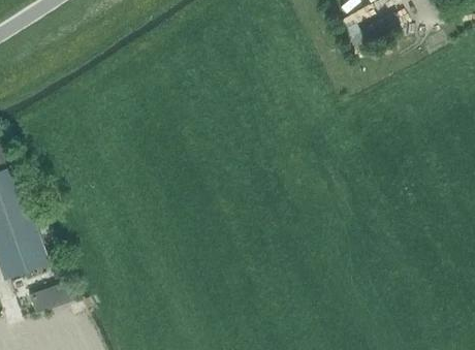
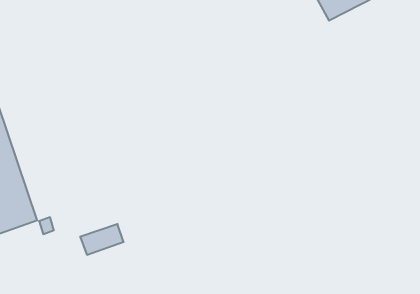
building: [30,280,75,312] -> [80,224,124,255]

